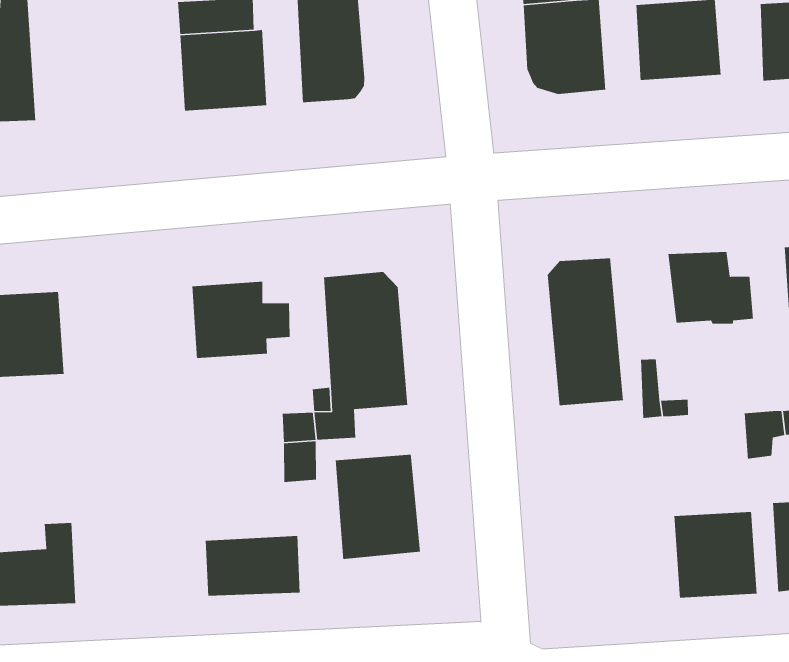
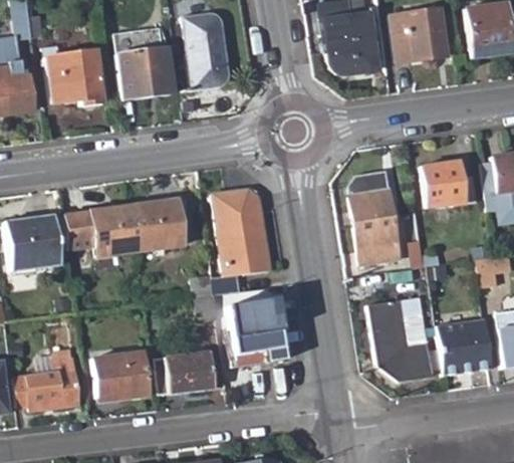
building: none -> [45,45,103,104]
building: none -> [65,205,141,255]
building: none -> [368,299,433,381]
building: none -> [93,352,148,400]

